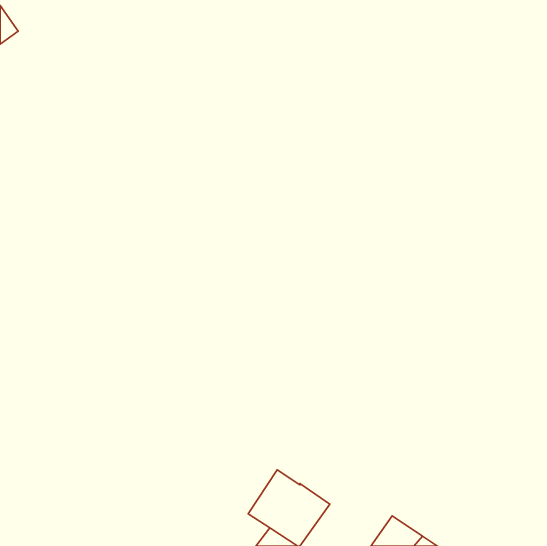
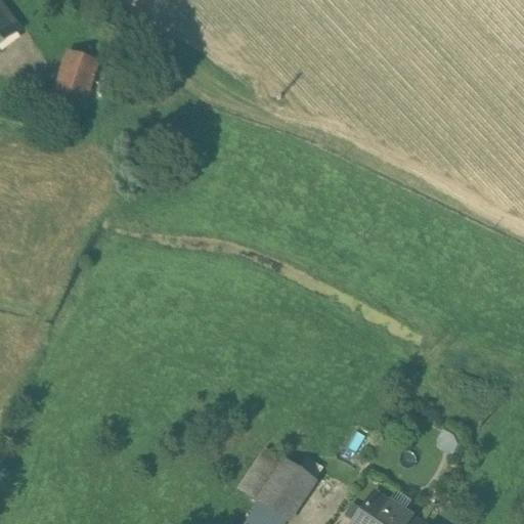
building: none -> [56,52,98,101]

